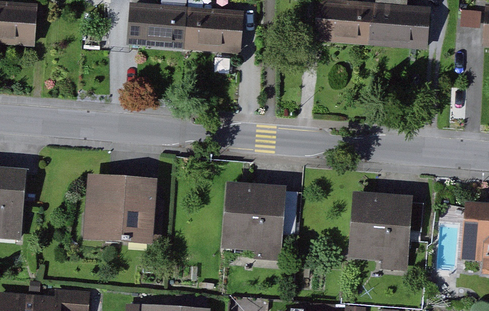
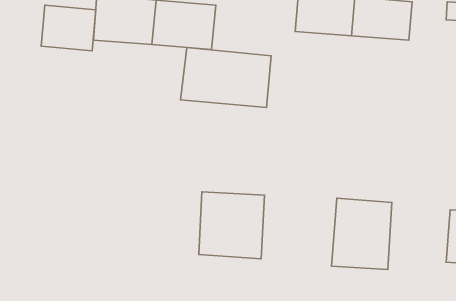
building: none -> [41,5,96,51]
building: none -> [181,47,271,107]
building: [84,181,162,240] -> none

